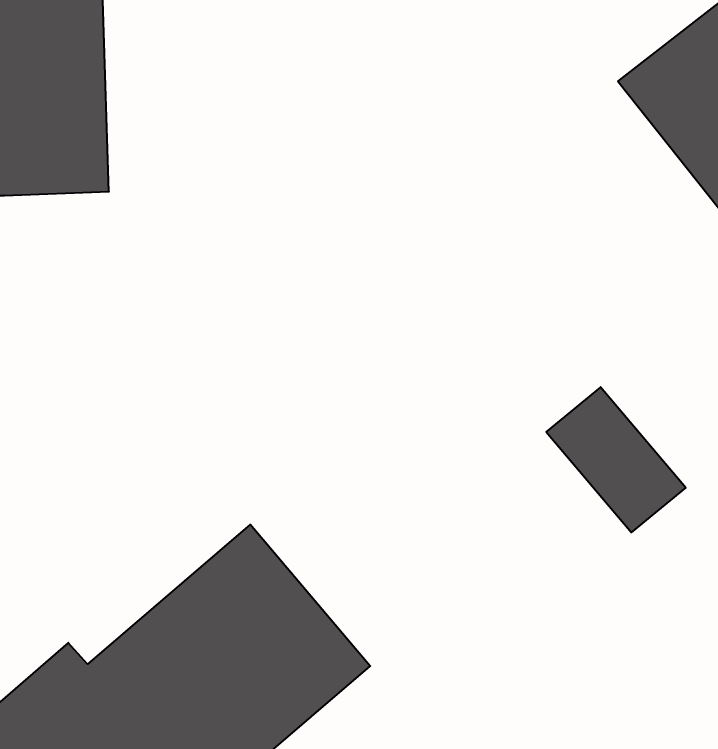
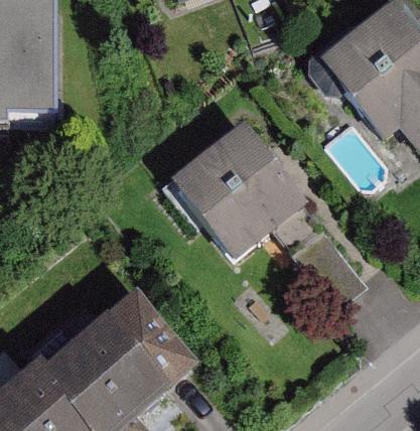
building: none -> [175,131,305,264]

